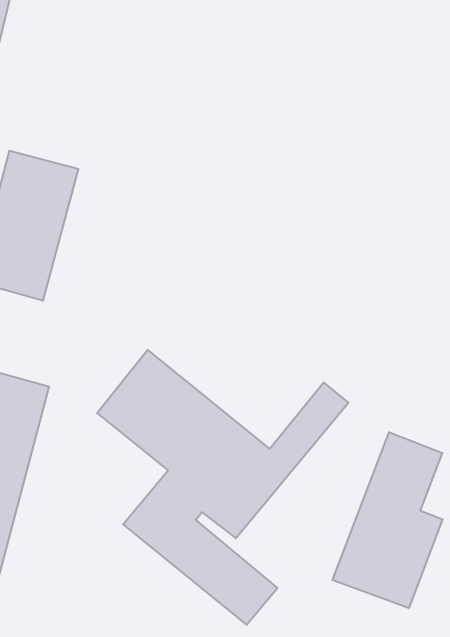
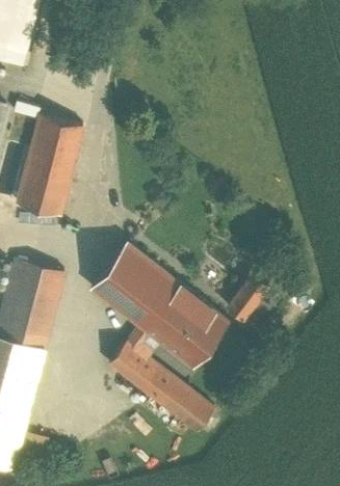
building: [332,432,443,608] -> none

